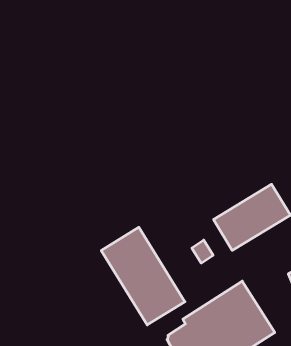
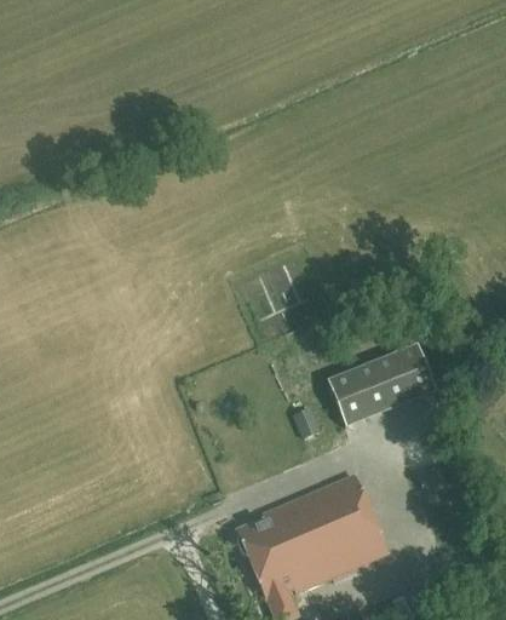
building: [101,227,185,325] -> none

